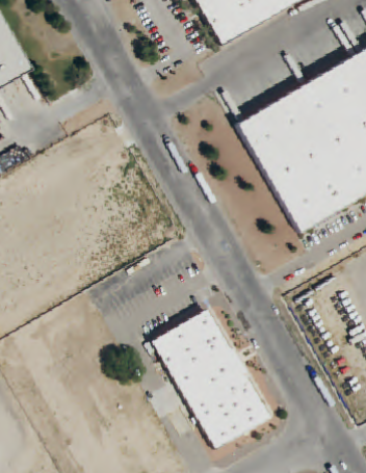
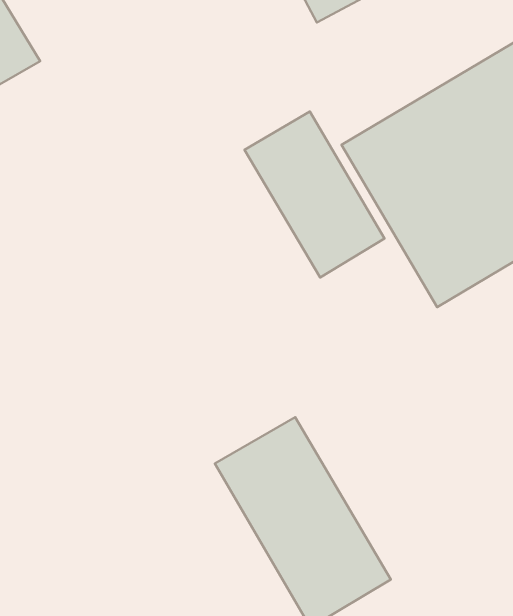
building: none -> [245,112,385,277]

